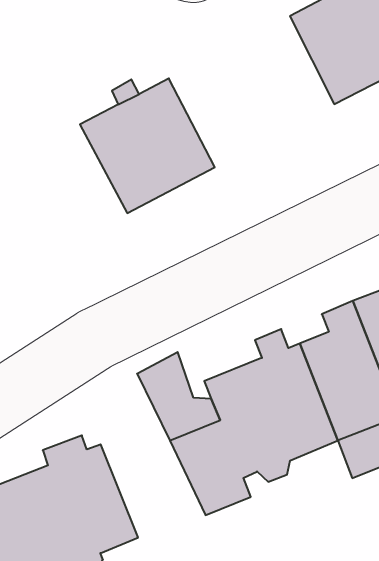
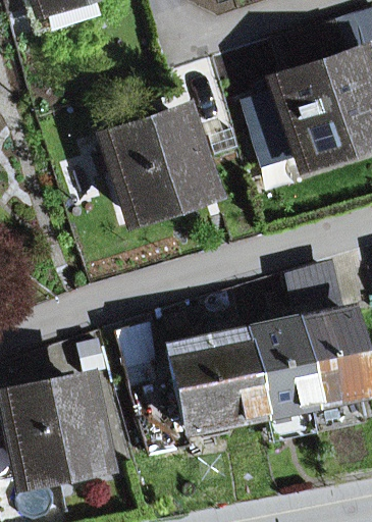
building: none -> [253,82,315,166]

